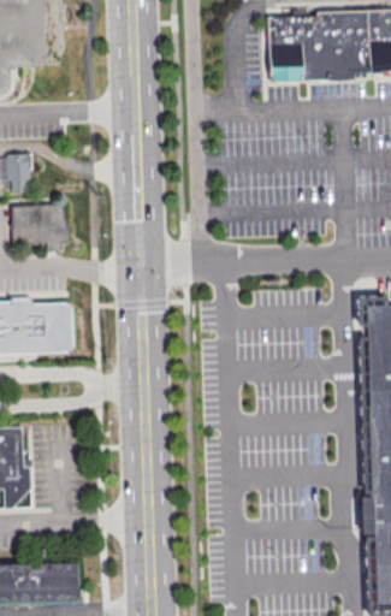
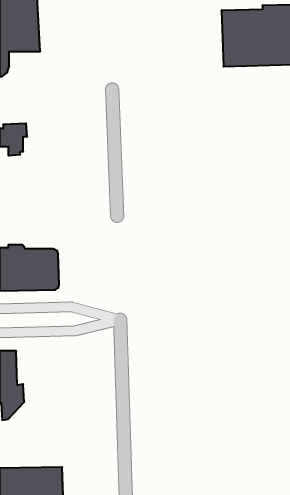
building: [11,205,69,250] -> none

